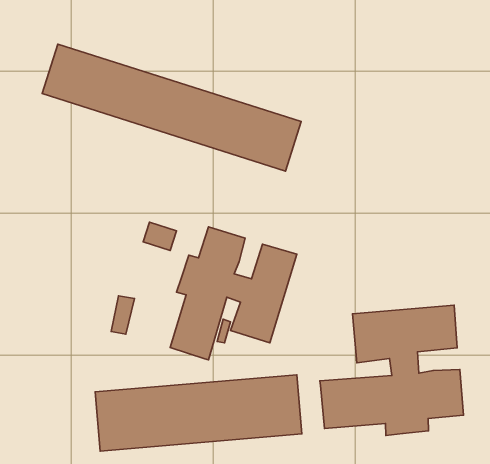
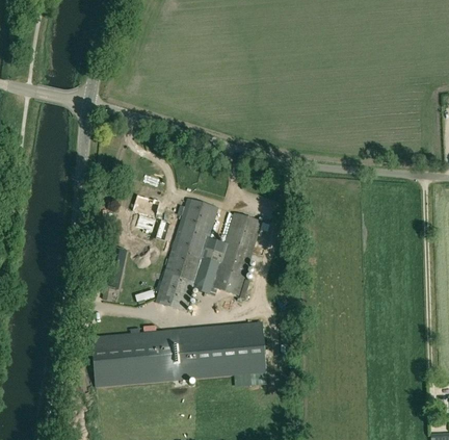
building: [42,44,301,171] -> none
building: [320,305,464,435] -> none

